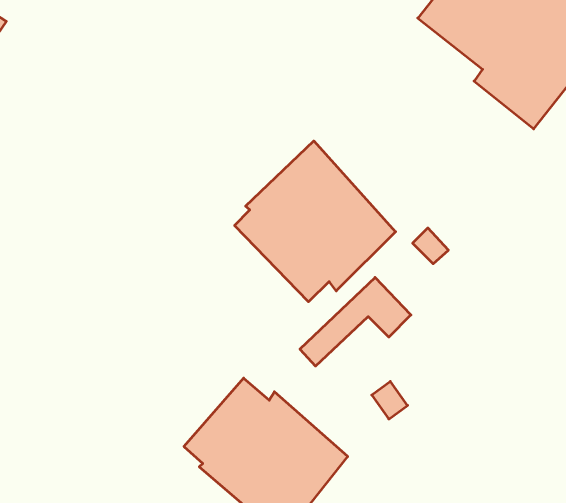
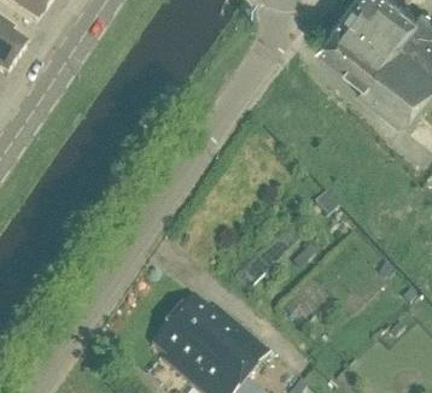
building: [235,141,396,302] -> none

